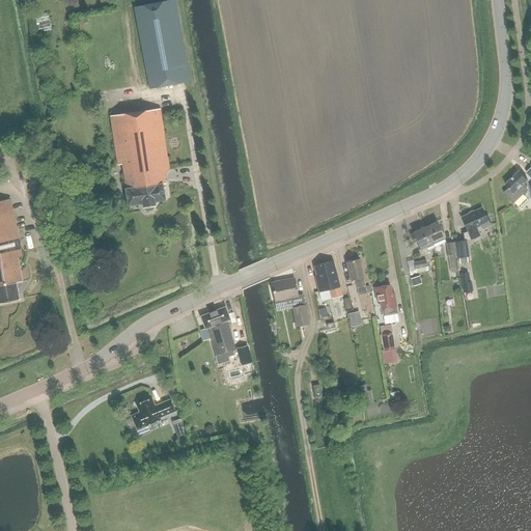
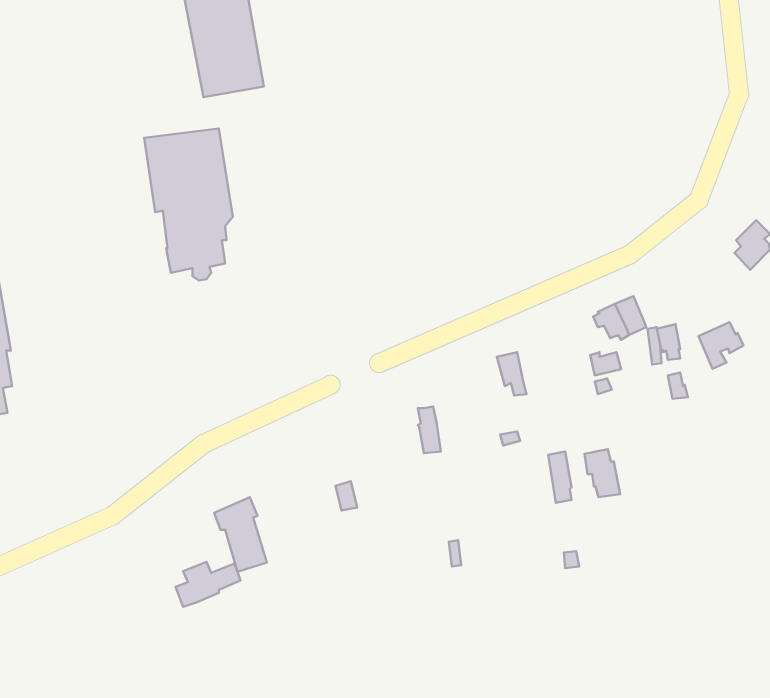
building: [462,207,492,239] -> [699,322,744,369]
building: [313,260,341,297] -> none
building: [272,278,297,301] -> none
building: [374,284,398,316] -> [584,449,620,497]
building: [200,306,235,356] -> [214,497,267,572]

